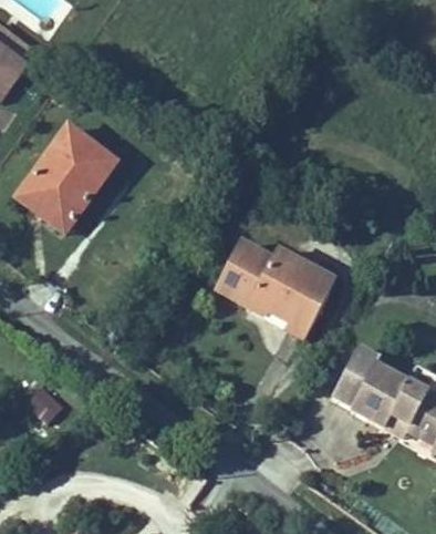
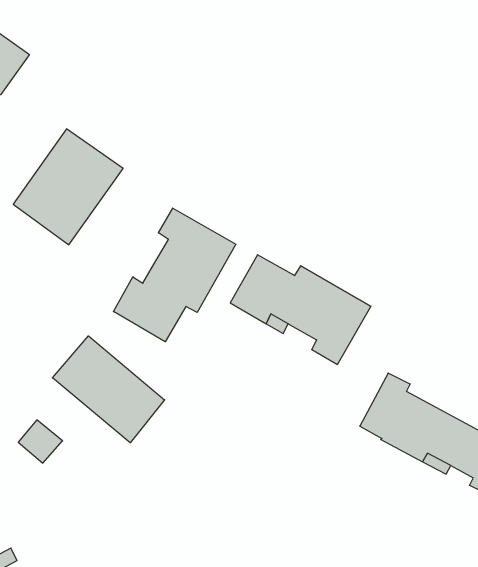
building: none -> [113,208,236,342]
building: none -> [52,336,165,443]

